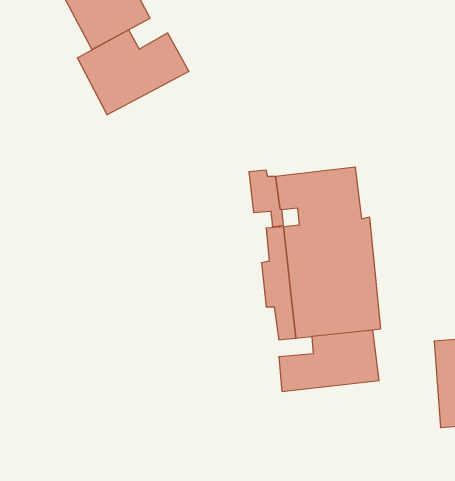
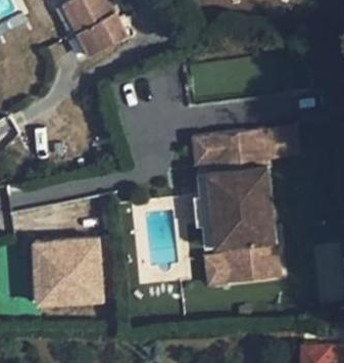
building: [77,30,189,115] -> none
building: none -> [34,240,103,307]

